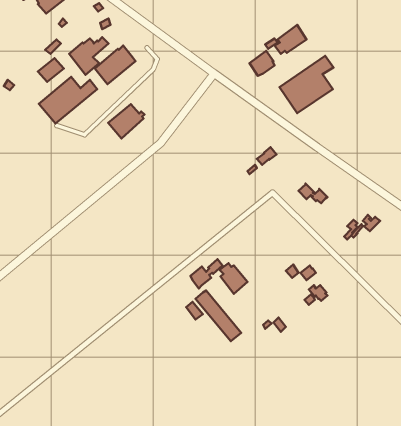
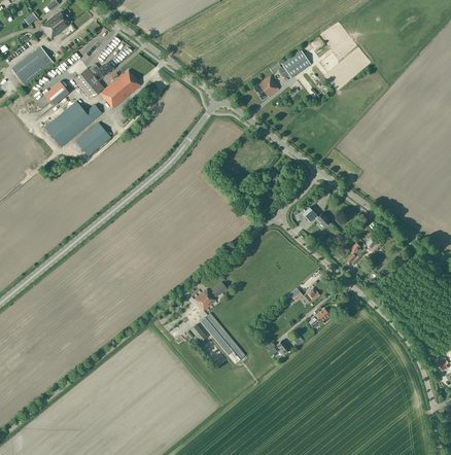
building: none -> [11,46,54,85]
building: [280,56,334,113] -> none
building: [108,104,144,138] -> [75,122,111,156]
building: [220,263,248,294] -> none

